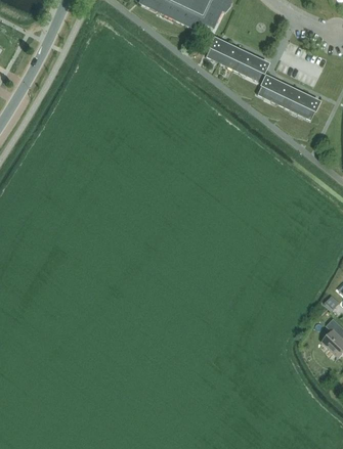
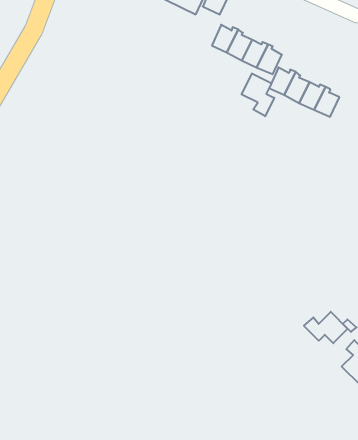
building: none -> [242,73,274,116]
building: none -> [304,312,348,343]

